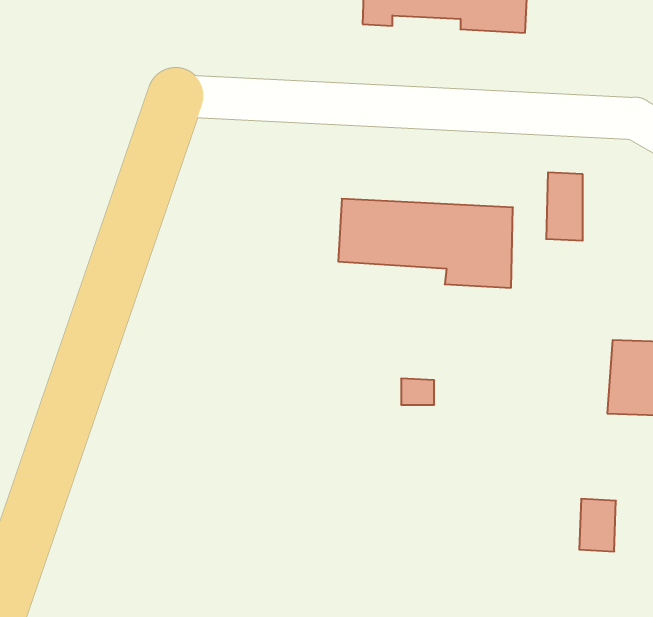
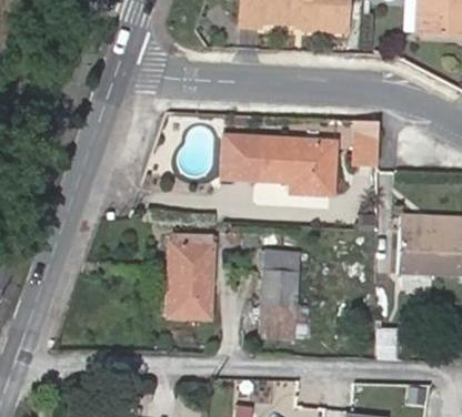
building: none -> [170,234,212,316]
building: none -> [262,273,294,339]

